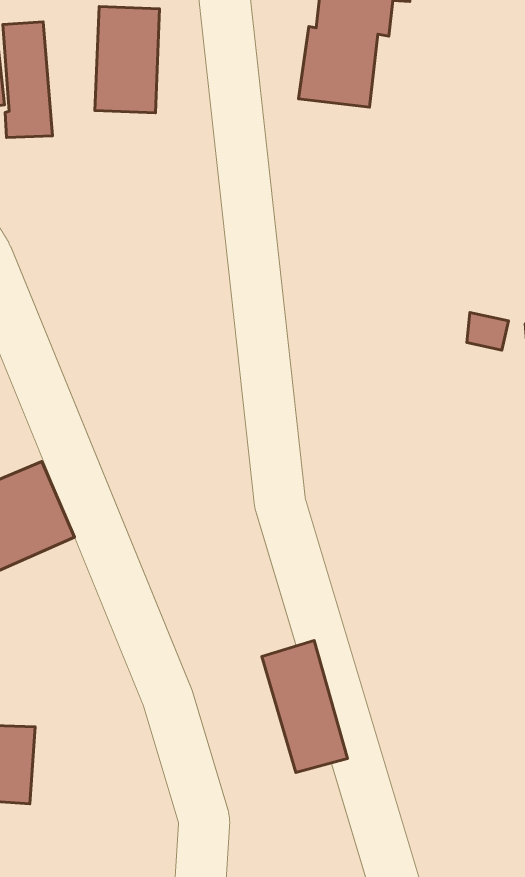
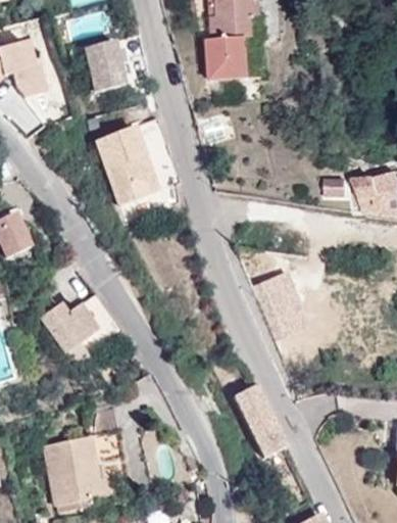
building: none -> [96,124,162,216]

